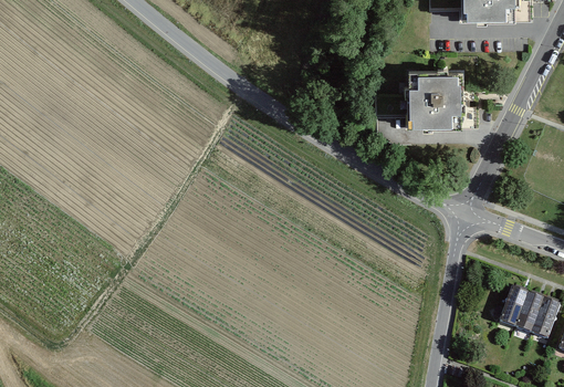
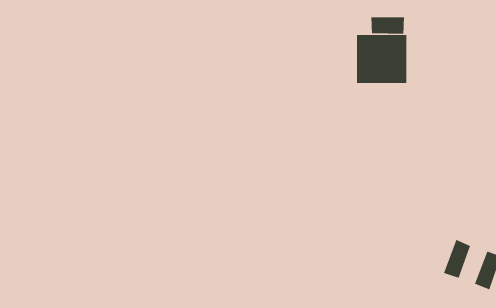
building: none -> [371,16,404,35]
building: [515,294,544,334] -> none

